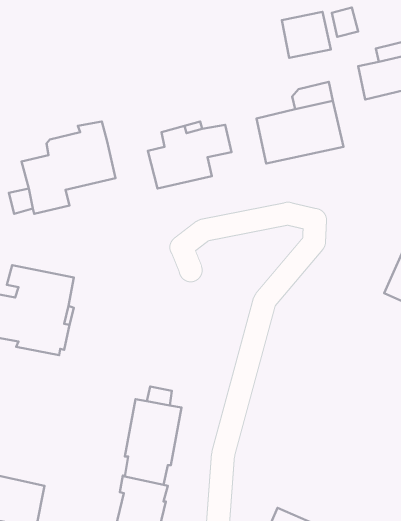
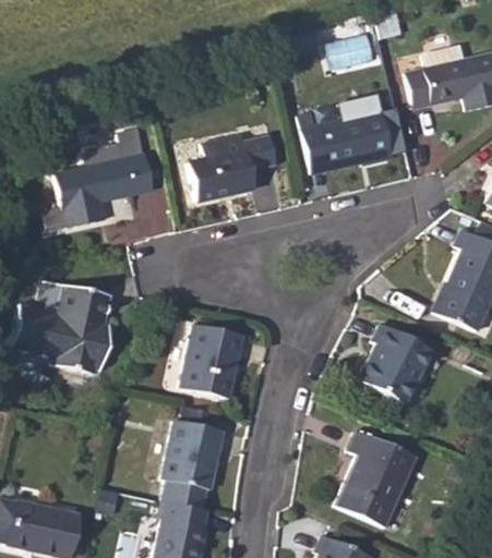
building: none -> [181,325,242,398]
building: none -> [359,325,431,402]
building: none -> [336,430,415,526]

